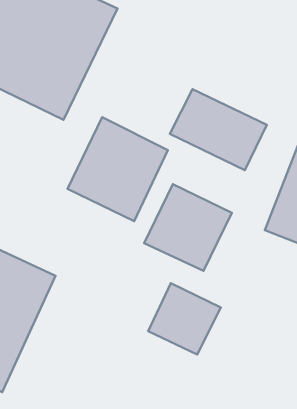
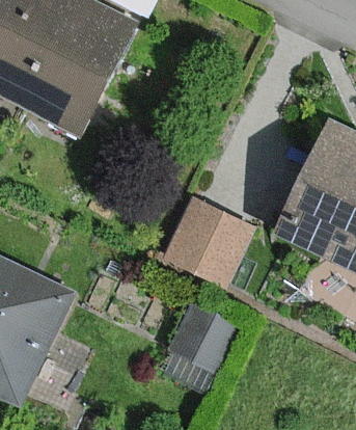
building: [170,89,267,170] -> none
building: [68,117,168,221] -> none

